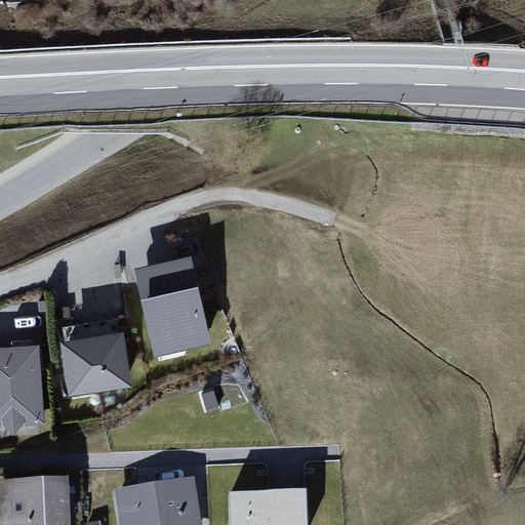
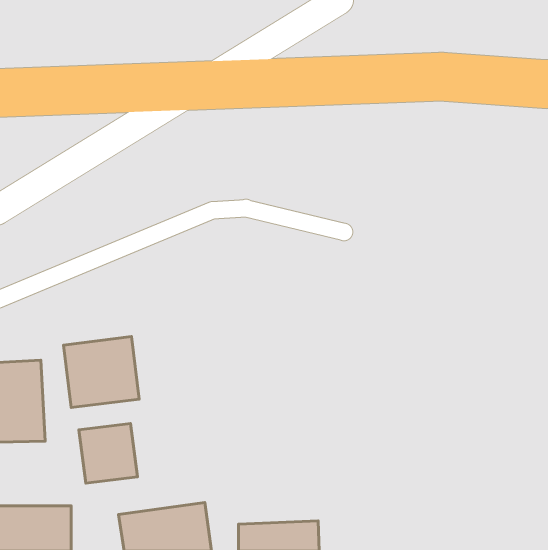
building: [137,259,205,348] -> none
building: none -> [79,423,137,483]

